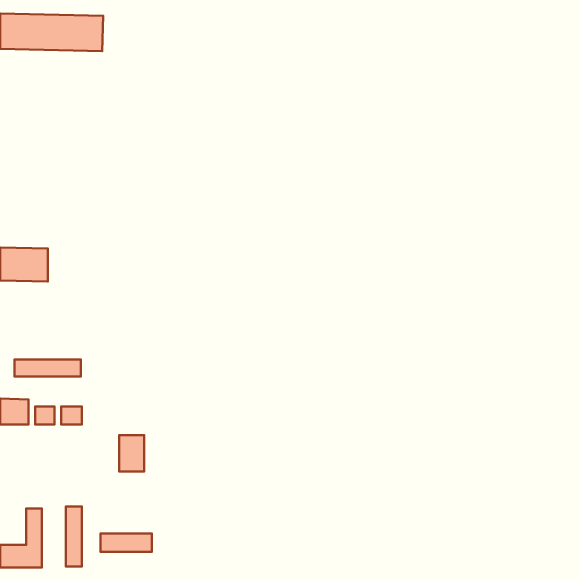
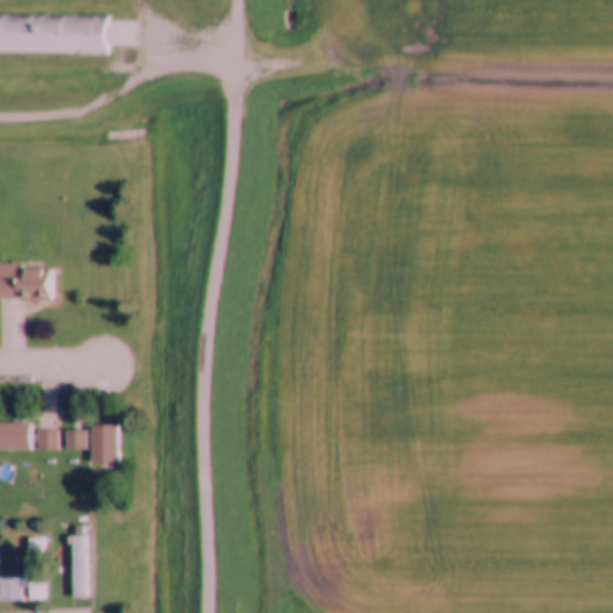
building: [15,360,81,377] -> none
building: [119,435,144,471] -> [91,424,117,462]
building: [101,533,152,552] -> none

